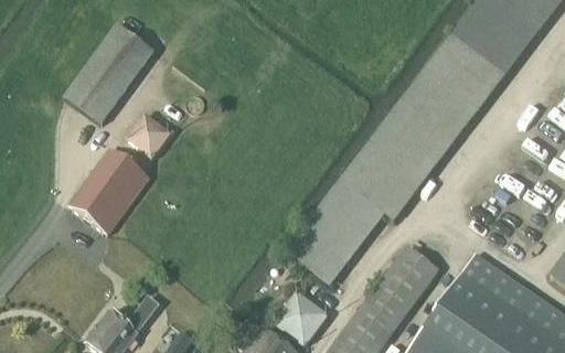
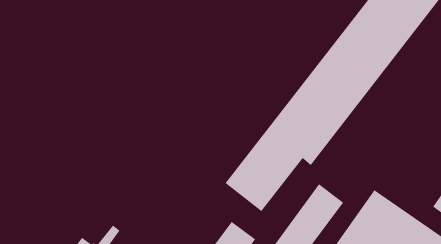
building: [64,24,153,124] -> none
building: [126,113,170,157] -> none
building: [67,147,149,233] -> none

